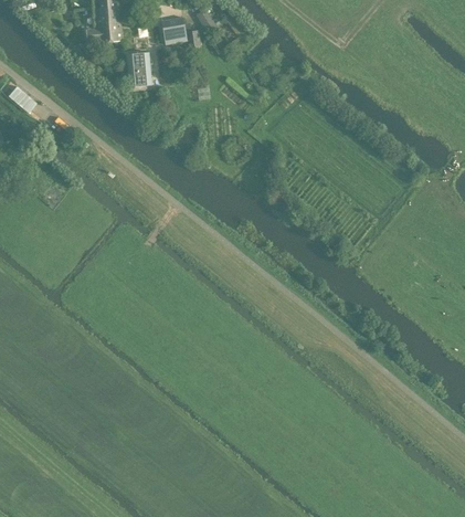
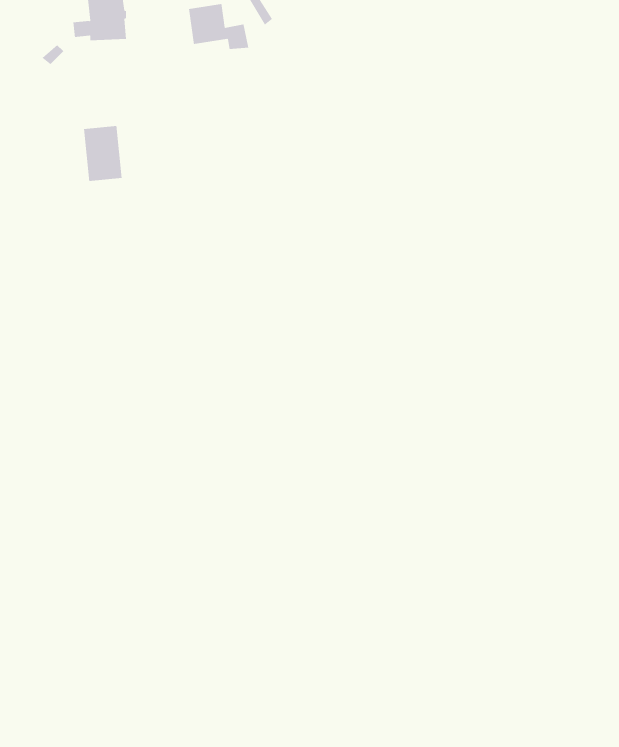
building: [125,51,150,87] -> [83,125,122,181]

